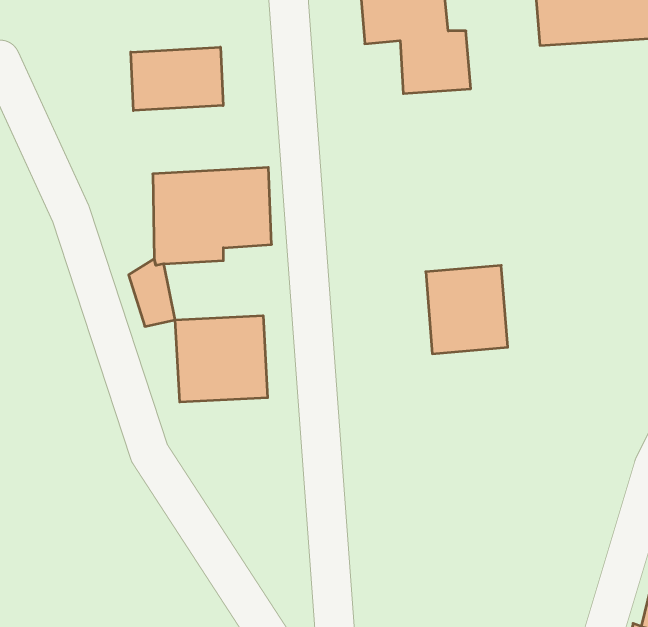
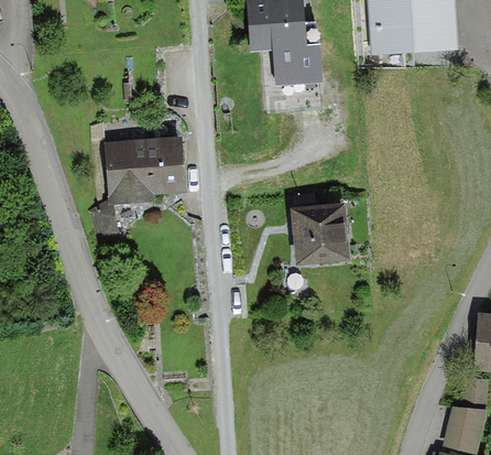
building: [131,47,223,111] -> none
building: [175,316,268,402] -> none

